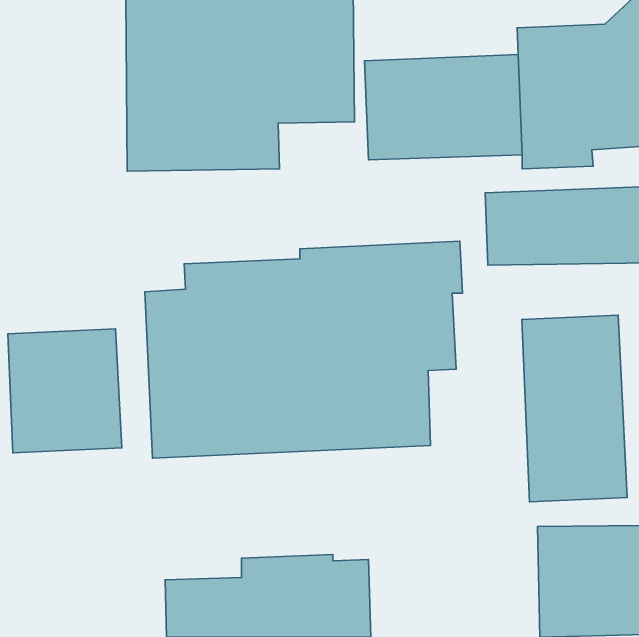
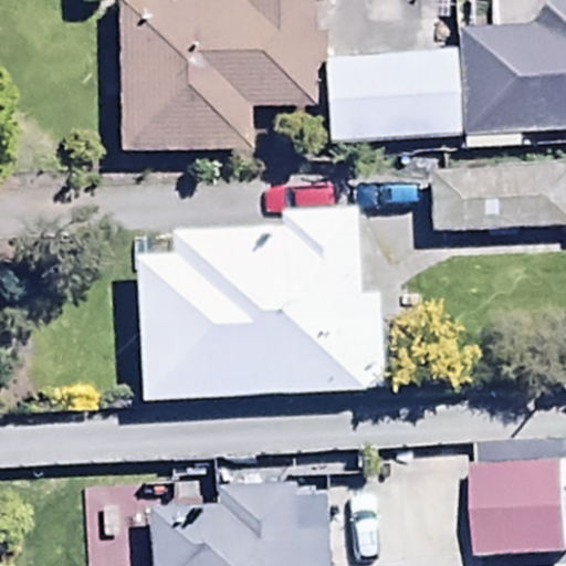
building: [522,315,627,502] -> none
building: [8,329,122,453] -> none

